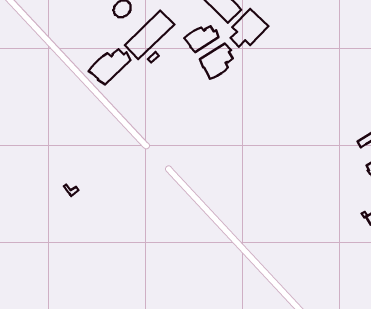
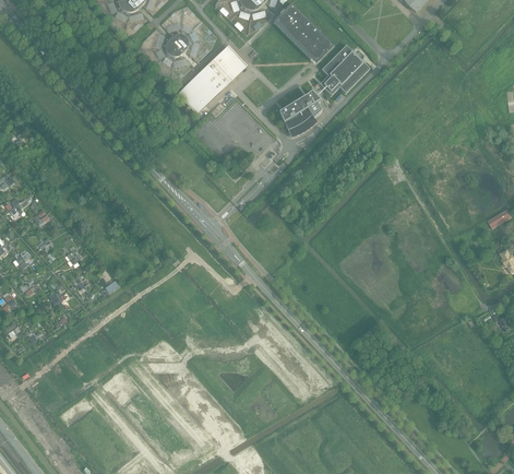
building: [184,26,219,52] -> none
building: [89,49,131,84] -> none

